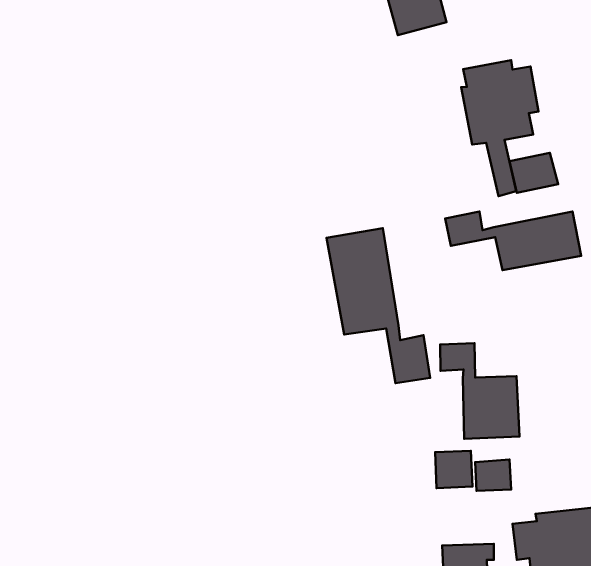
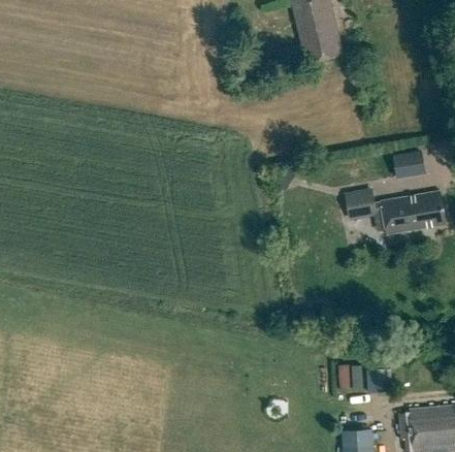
building: [461,60,539,196] -> none
building: [327,228,430,383] -> none
building: [440,343,519,439] -> none

